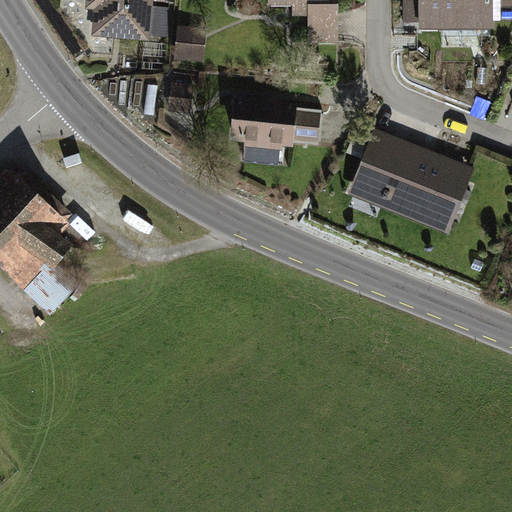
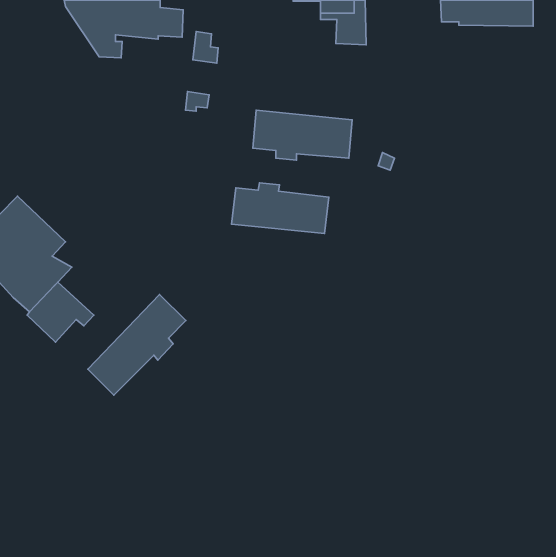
building: [357,137,466,225] -> none
building: none -> [232,183,329,234]
building: none -> [88,294,186,395]

